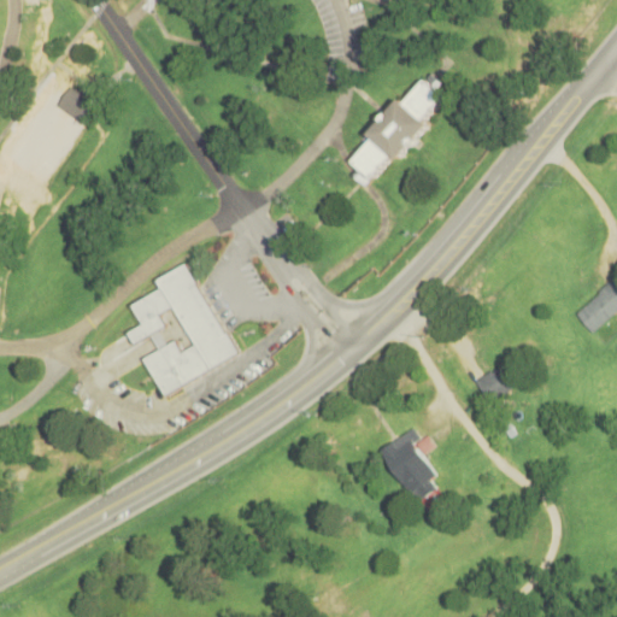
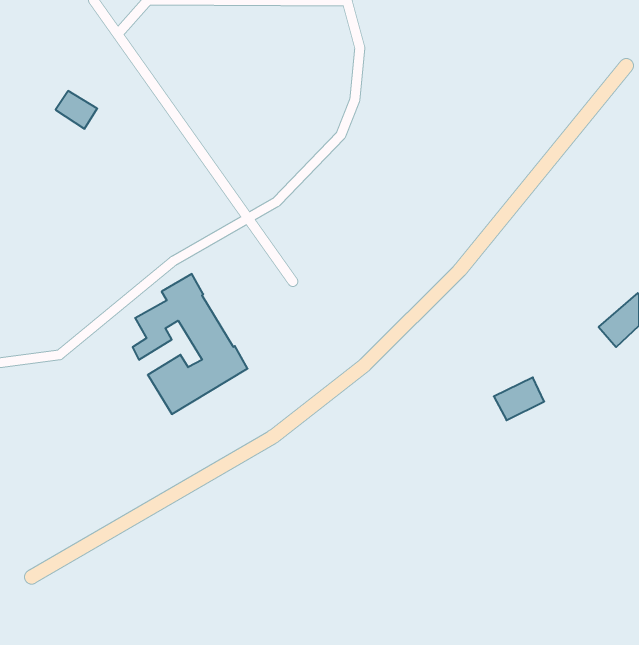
building: [349,74,445,184] -> none
building: [377,425,439,504] -> none

